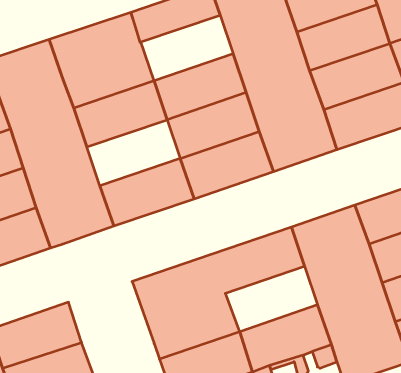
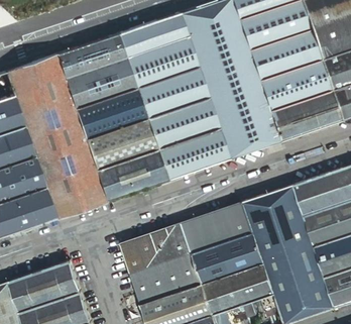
building: none -> [126,36,199,88]
building: none -> [85,118,157,170]
building: none -> [193,232,264,284]

